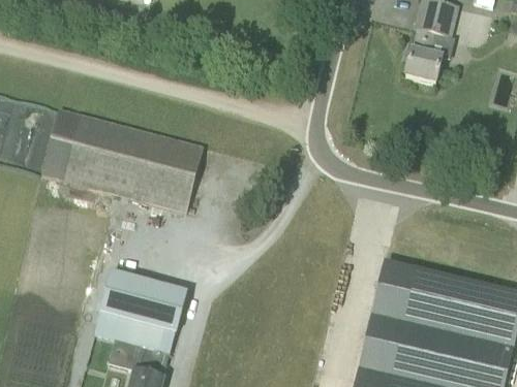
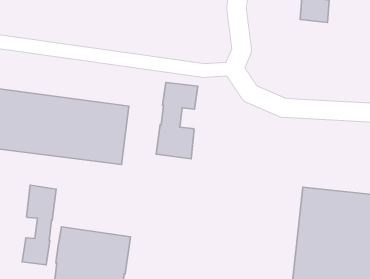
building: none -> [156,82,198,159]
building: none -> [22,185,56,265]

